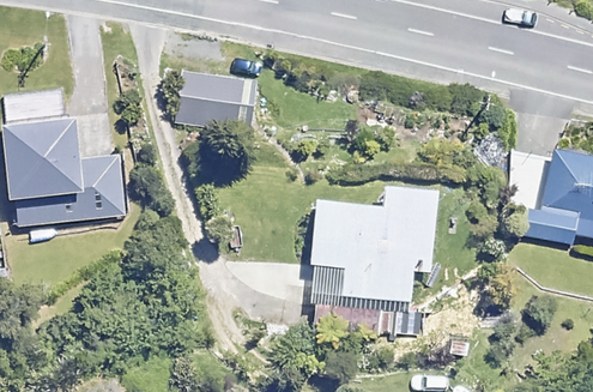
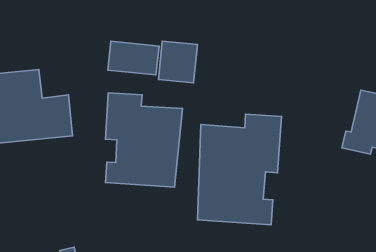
building: none -> [158,41,197,83]
building: none -> [106,93,183,187]

